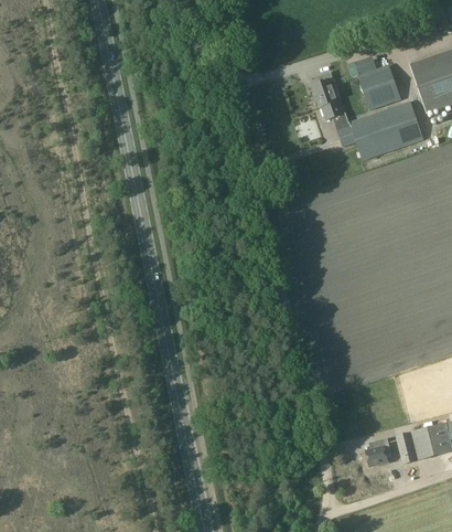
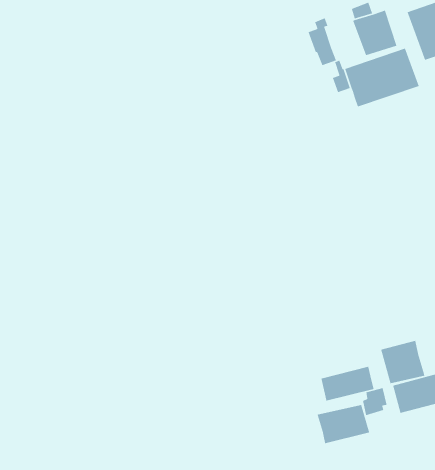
building: none -> [380,340,425,384]
building: none -> [320,366,375,402]
building: none -> [317,404,370,444]

